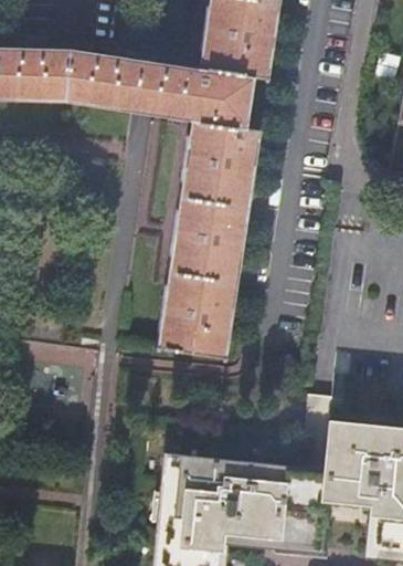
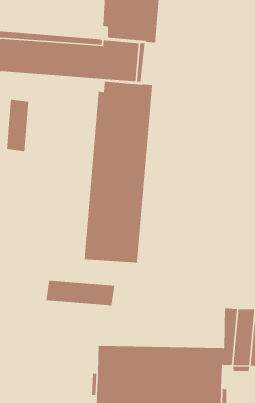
building: none -> [6,99,29,152]
building: none -> [46,280,115,306]

